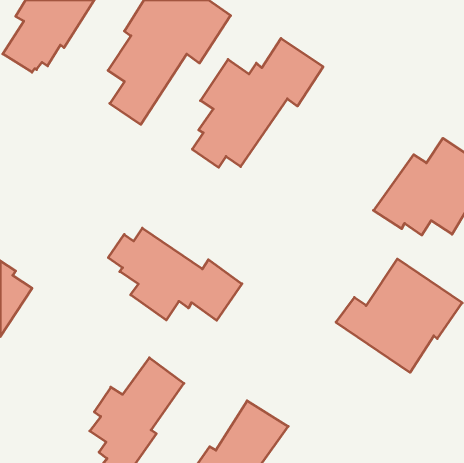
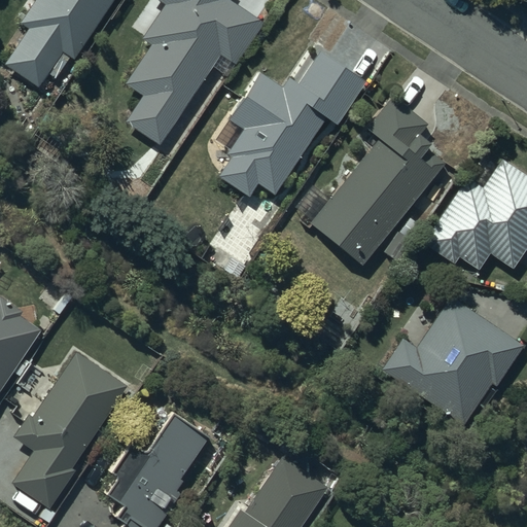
building: none -> [312,96,445,262]
building: [108,228,242,320] -> none
building: none -> [11,350,128,506]

